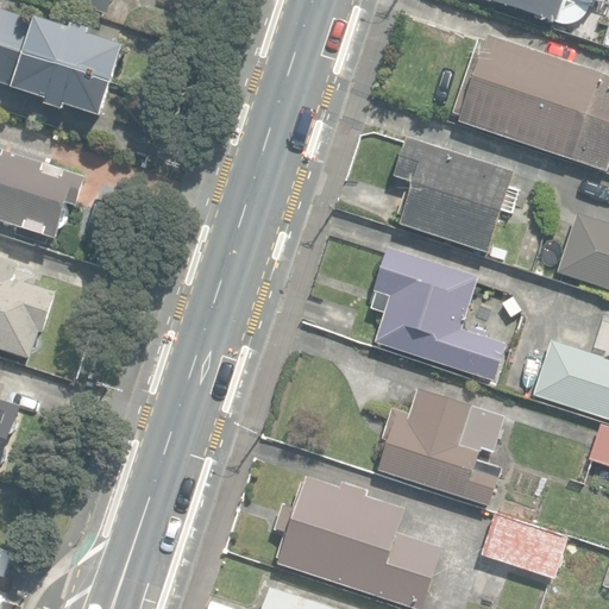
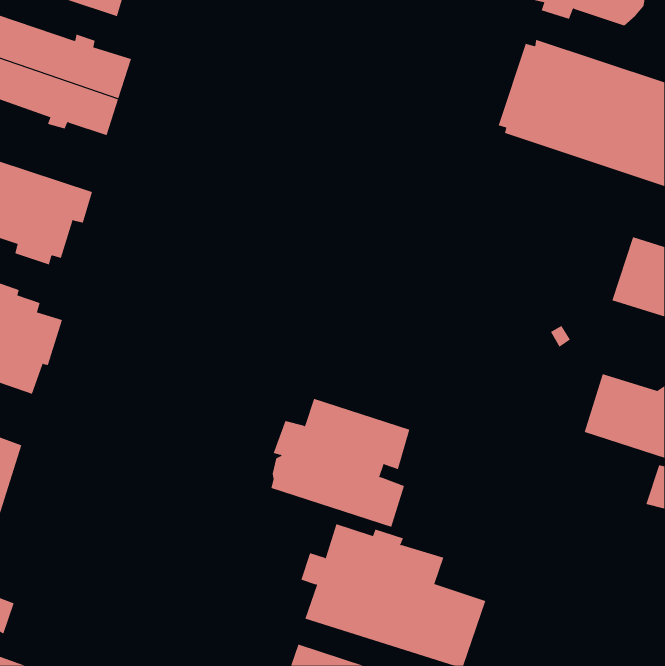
building: [395,137,516,253] -> none
building: [370,247,507,381] -> none
building: [378,388,506,506] -> [270,398,410,527]
building: [482,513,567,578] -> none

